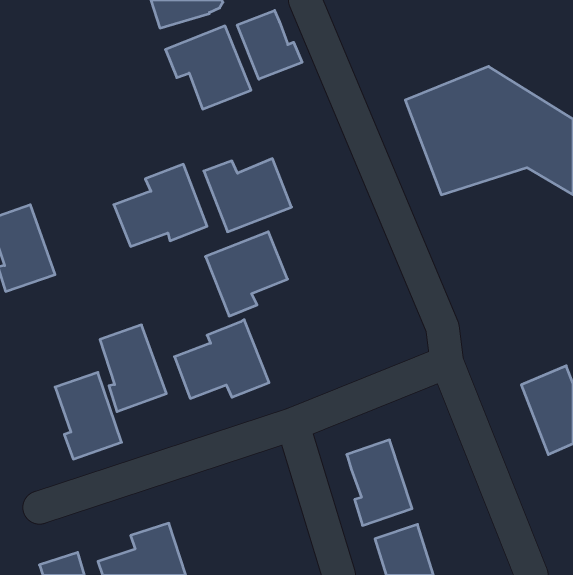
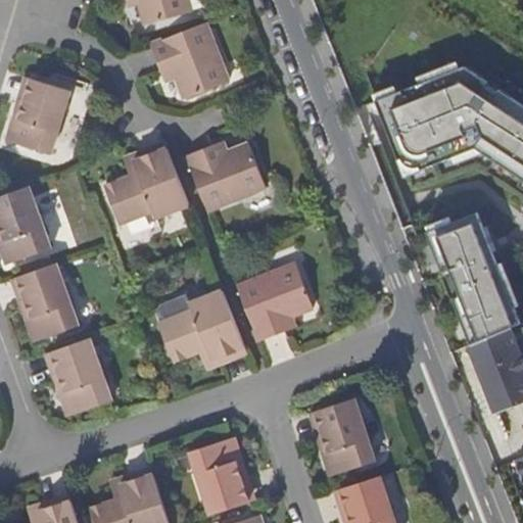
building: [237,10,302,79] -> none
building: none -> [5,79,69,154]
building: none -> [430,206,513,331]
building: [205,232,288,316] -> [237,265,312,341]
building: [100,325,166,412] -> [17,264,78,342]
building: none -> [189,438,248,515]

